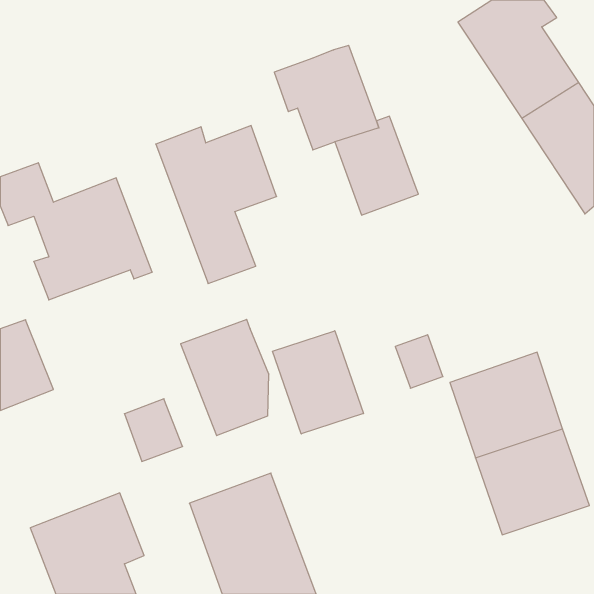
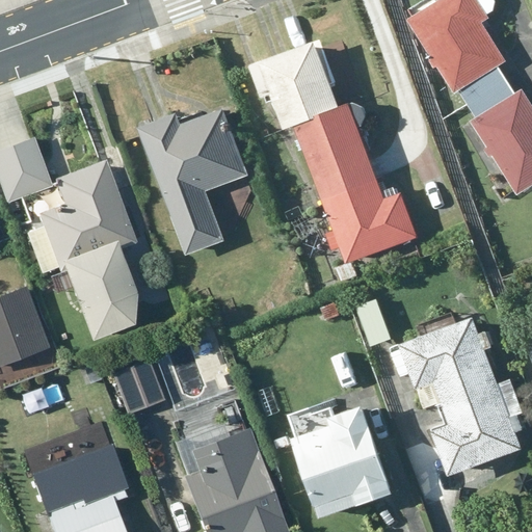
building: none -> [323,174,419,266]
building: [181,319,269,436] -> [57,241,136,345]
building: [273,331,363,434] -> none
building: none -> [288,392,396,524]

